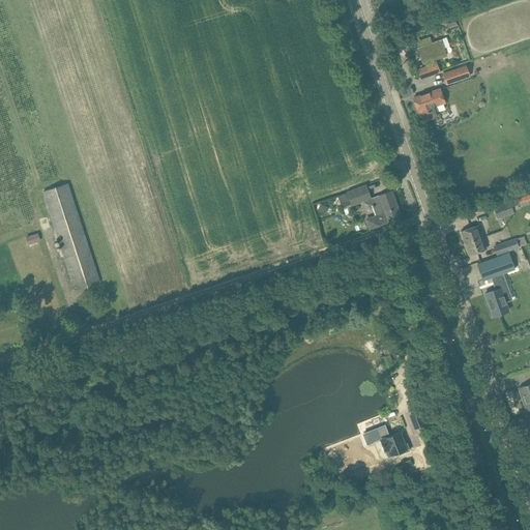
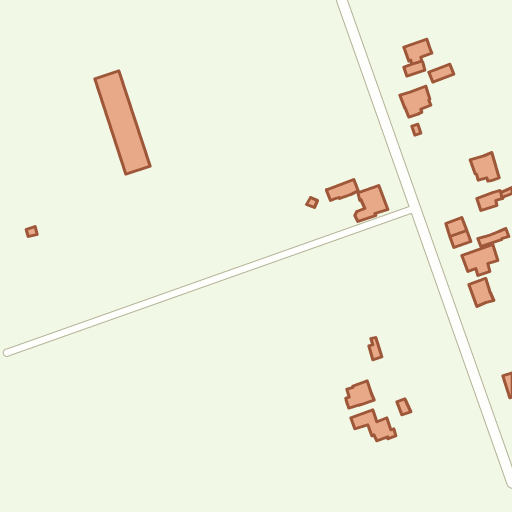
building: none -> [470,152,499,181]
building: [42,183,99,290] -> [95,71,150,174]
building: none -> [346,381,374,408]

